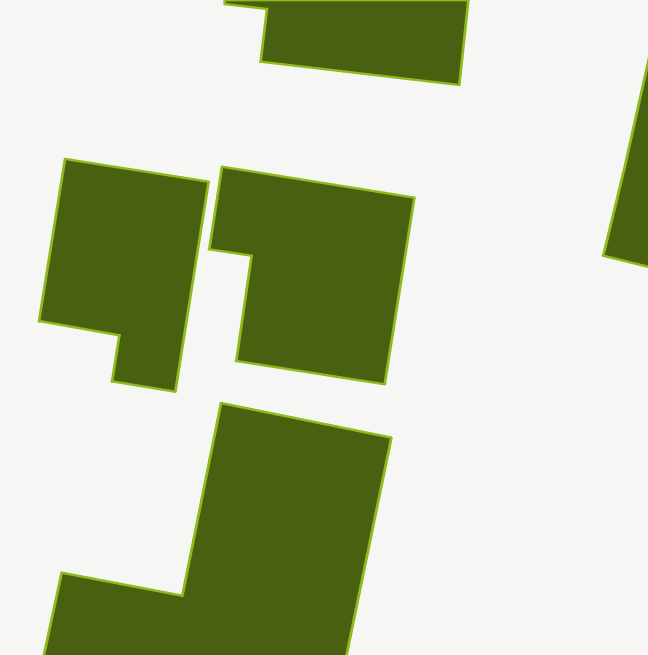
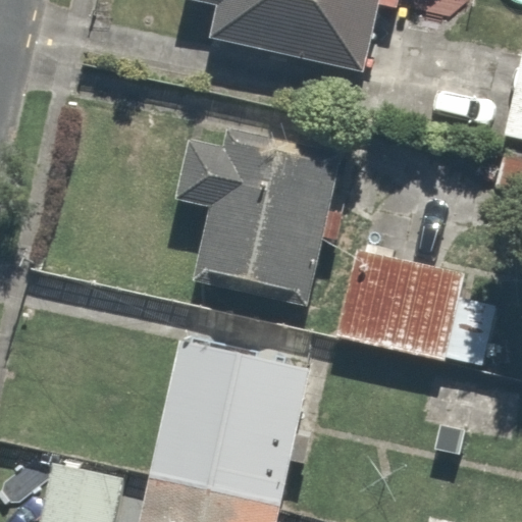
building: [39,159,208,392] -> none
building: none -> [332,244,514,370]

